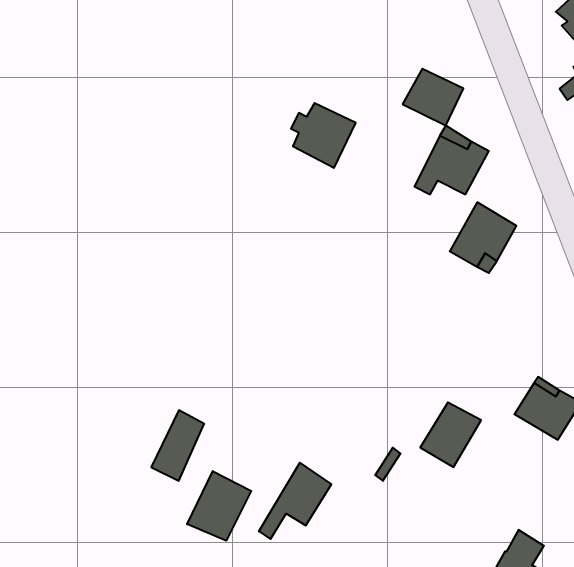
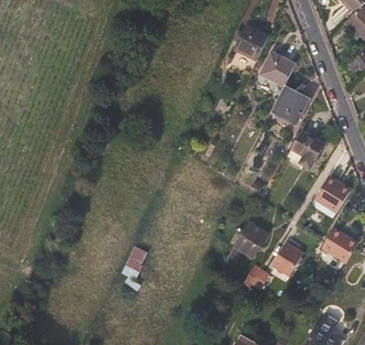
building: [291,103,356,168] -> [233,24,269,61]
building: none -> [312,181,350,218]
building: [259,463,331,539] -> [226,222,267,265]
building: [187,471,251,541] -> none

